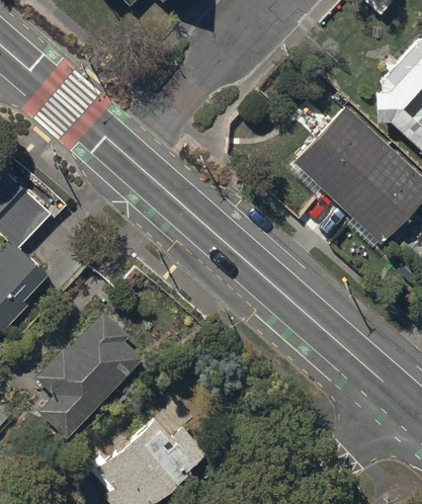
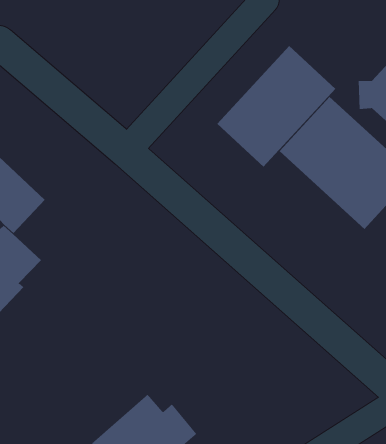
building: none -> [217,45,336,168]
building: [36,314,140,436] -> none

